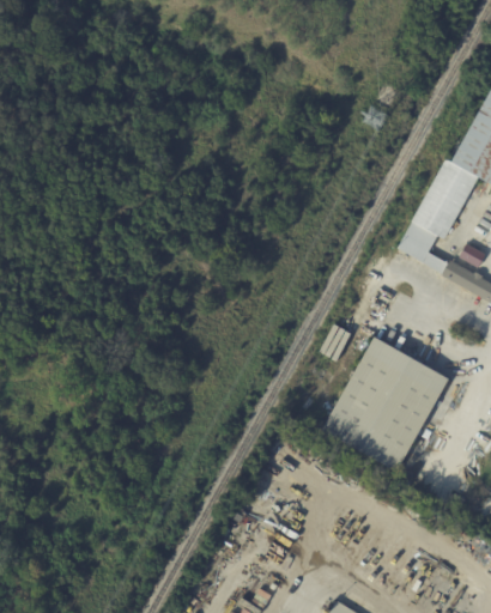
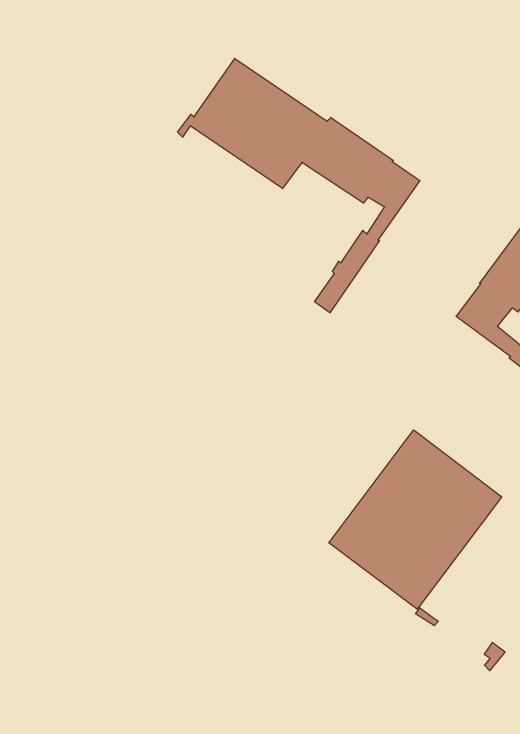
building: none -> [178,58,420,313]

